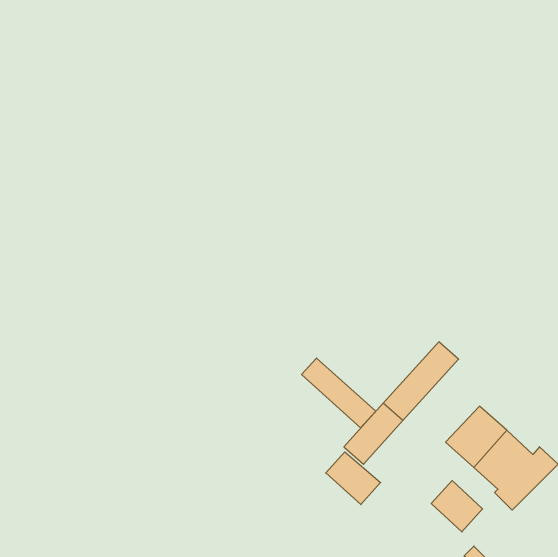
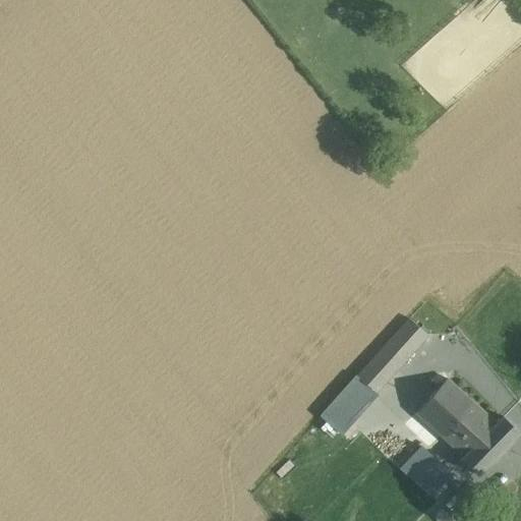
building: [302,358,376,428] -> none
building: [326,452,381,505] -> none

